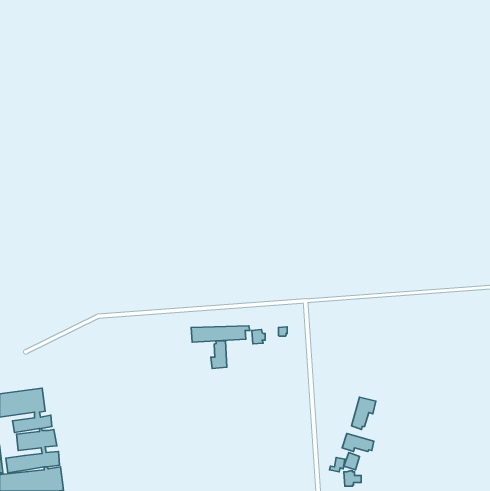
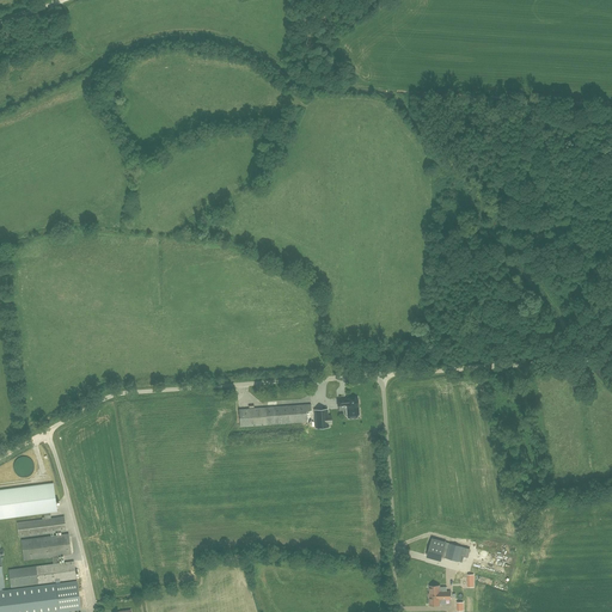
building: [211,341,227,369] -> none
building: [351,397,376,430] -> none

